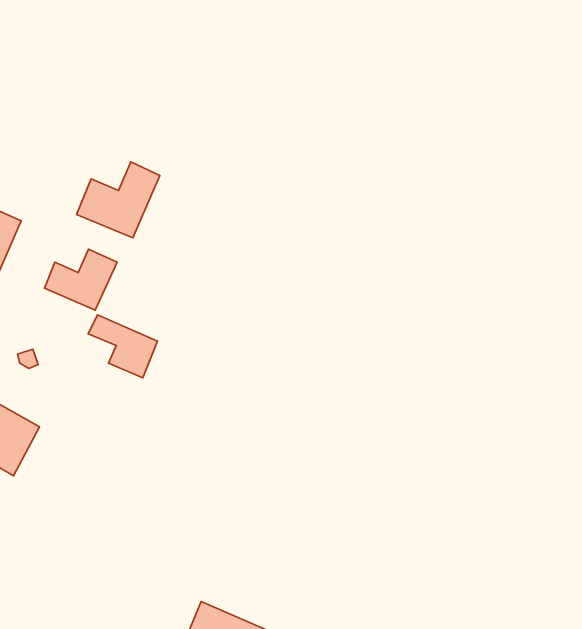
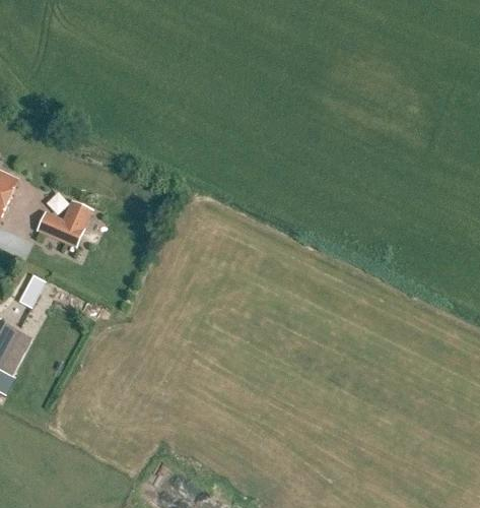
building: [76,162,160,238] -> none
building: [88,315,157,378] -> none

